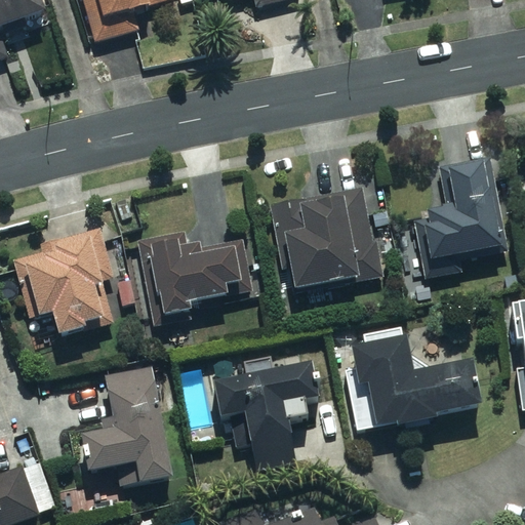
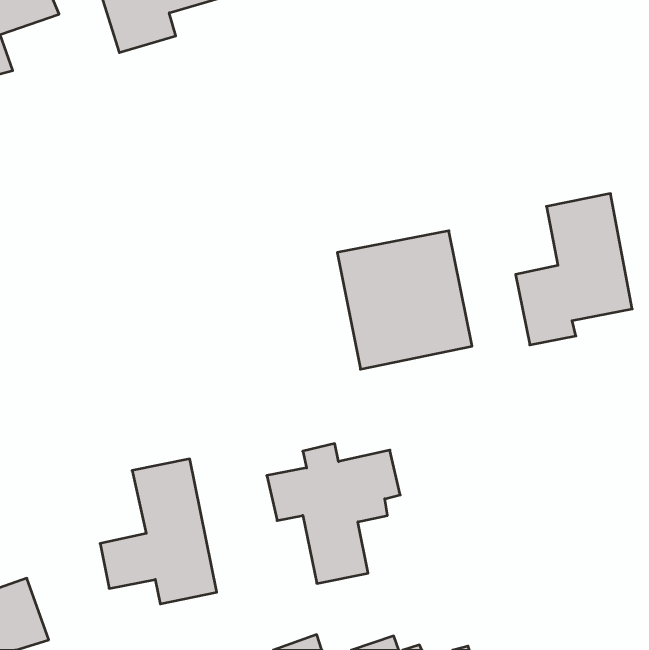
building: [12,226,113,335] -> none
building: [135,230,253,323] -> none
building: [353,335,483,425] -> none

